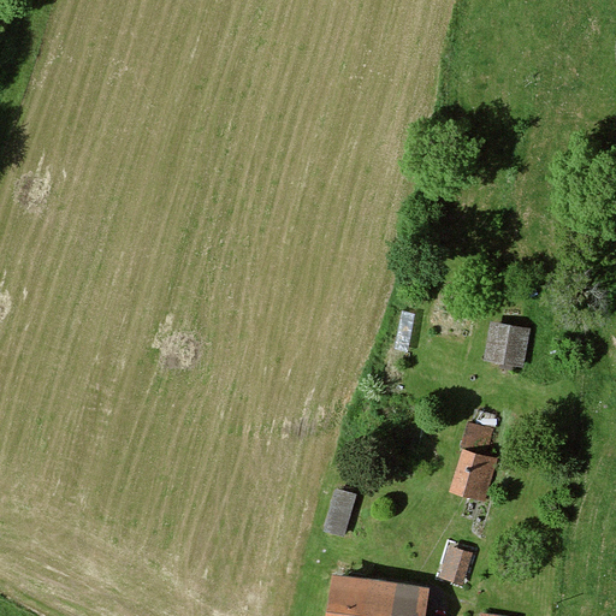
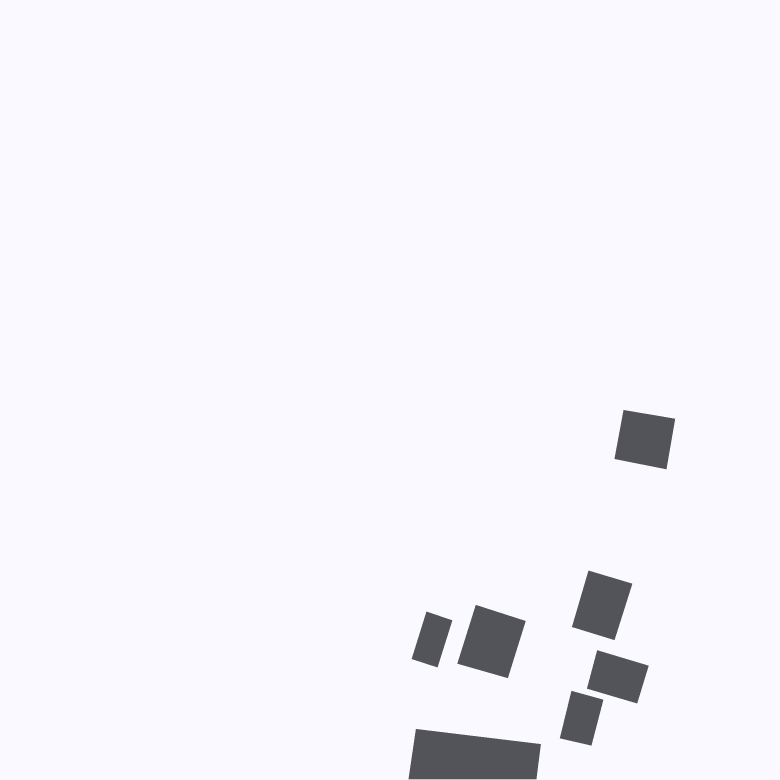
building: none -> [456,604,527,679]
building: none -> [586,649,650,704]

